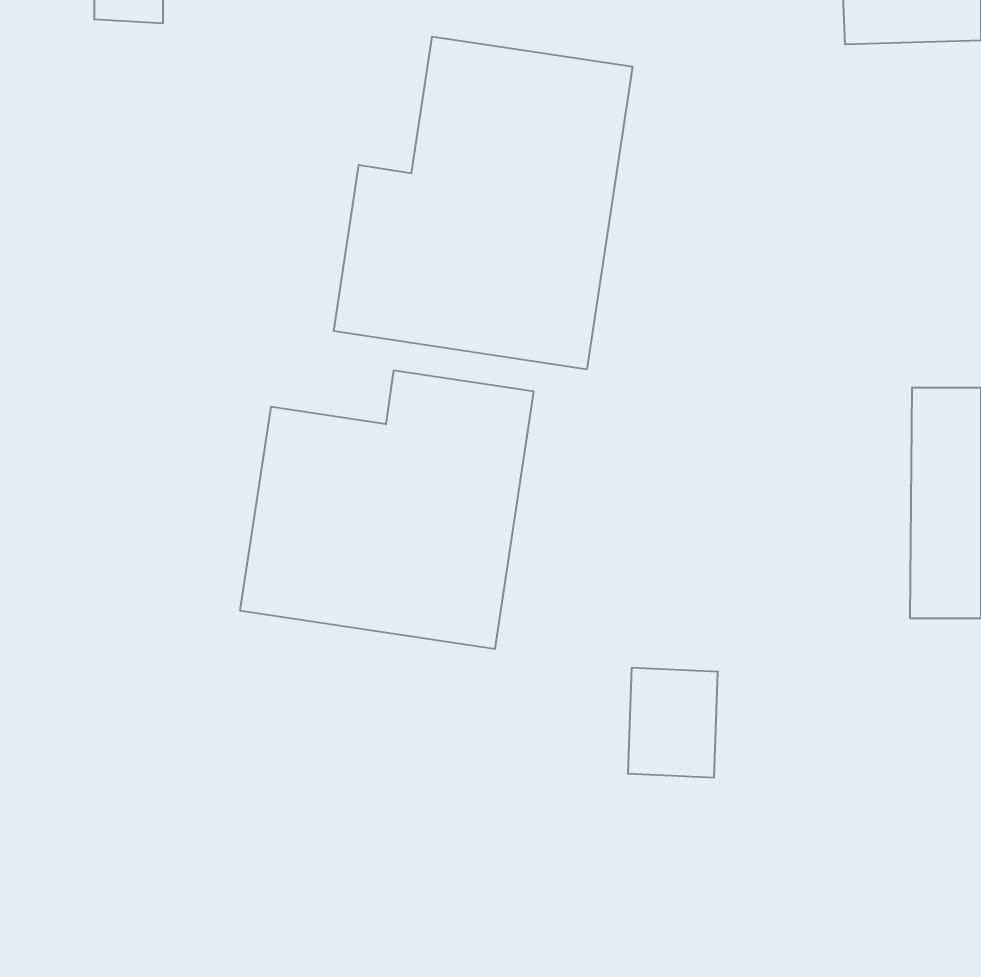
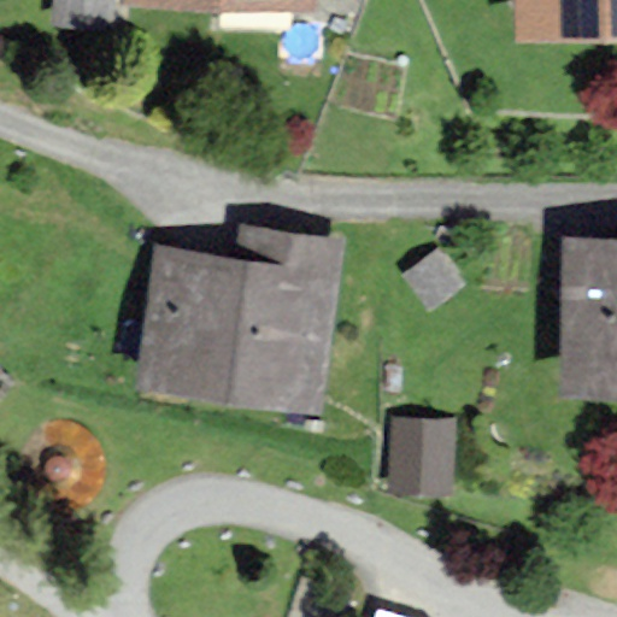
building: [334,37,632,369] -> none

